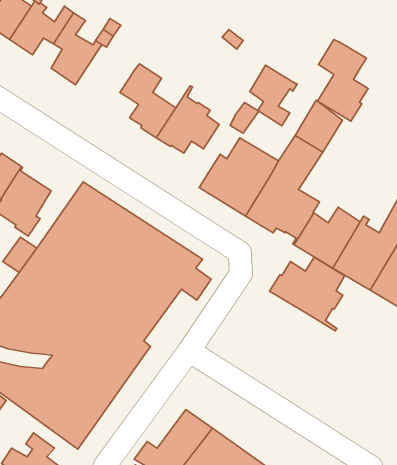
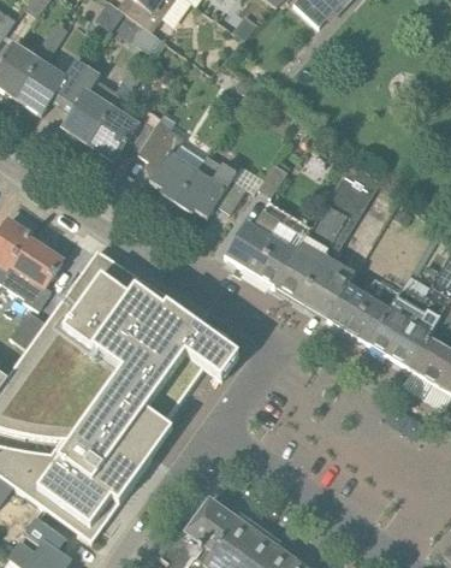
building: [318,39,368,121] -> none
building: none -> [89,106,154,161]
building: [250,65,297,126] -> none
building: [269,257,344,331] -> none

